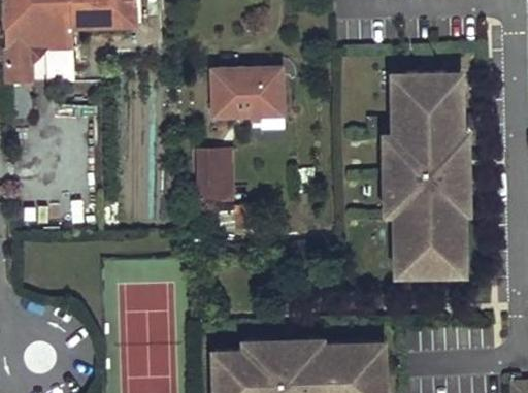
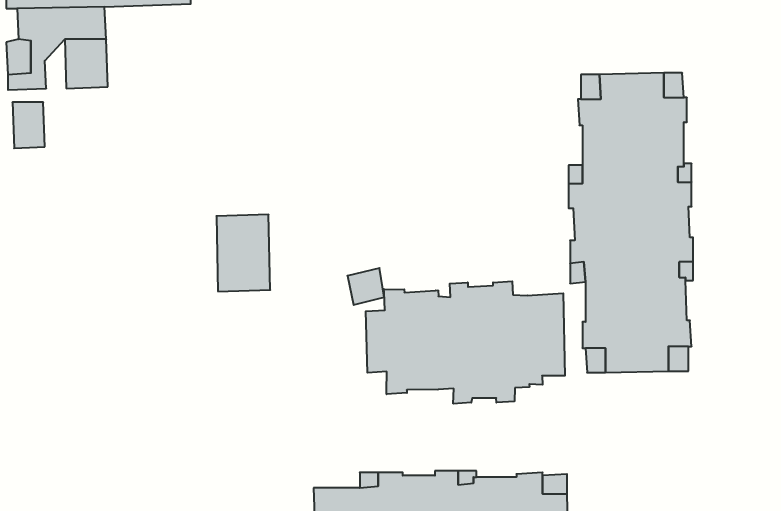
building: [212,68,280,117] -> none
building: [196,150,232,201] -> [216,215,270,291]
building: none -> [366,281,565,404]

